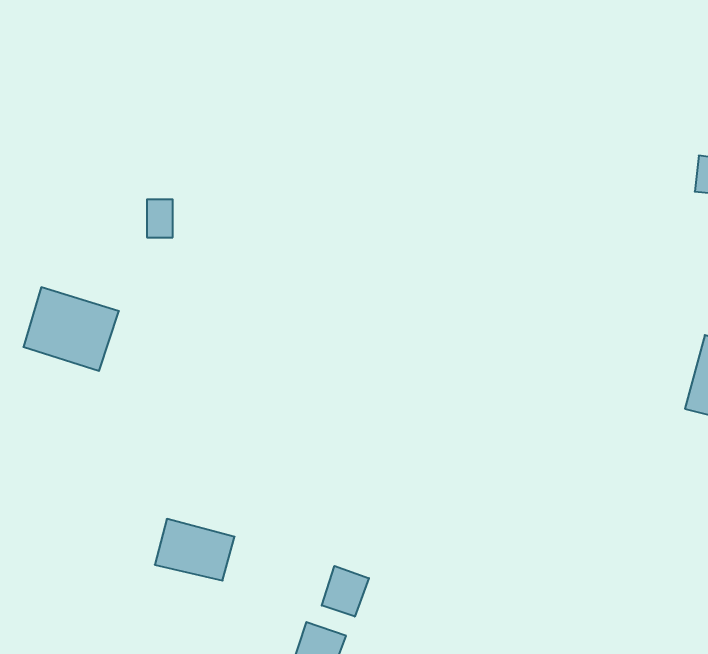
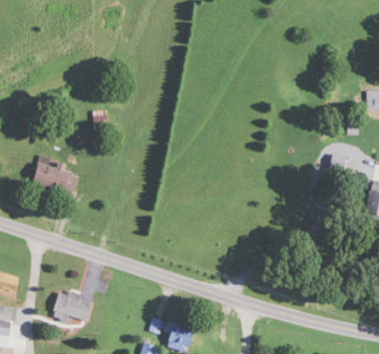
building: [155,519,235,581] -> [52,291,92,322]
building: [322,566,369,617] -> none

